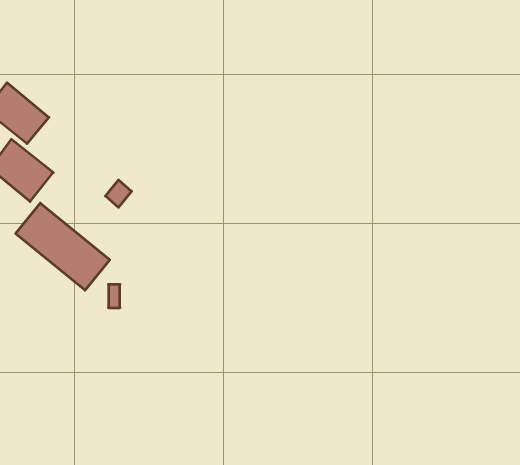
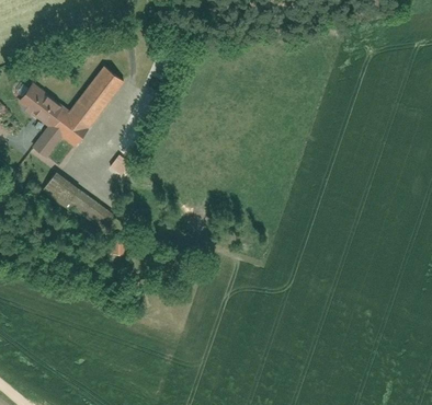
building: none -> [52,62,125,146]

